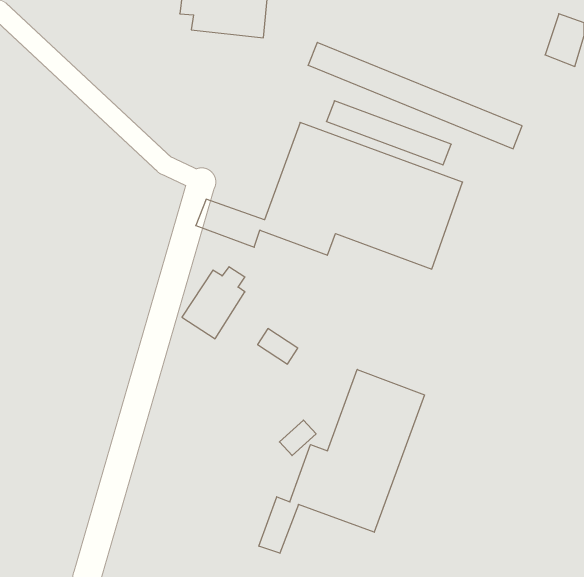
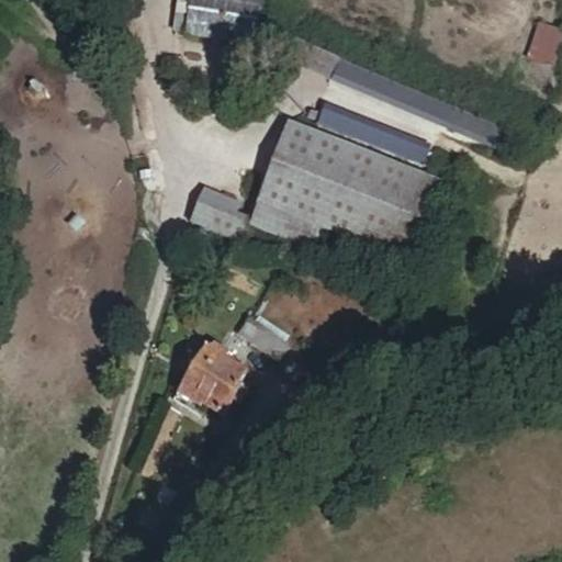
building: [182,267,245,339] -> [180,342,240,412]
building: [259,369,425,553] -> none

